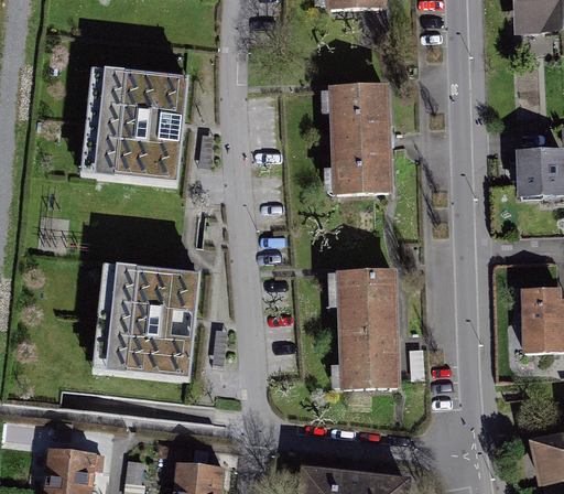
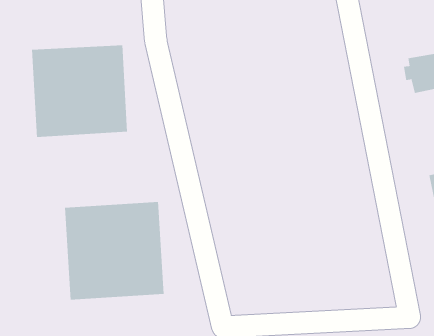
building: [325,87,398,192] -> none
building: [332,273,394,391] -> none

